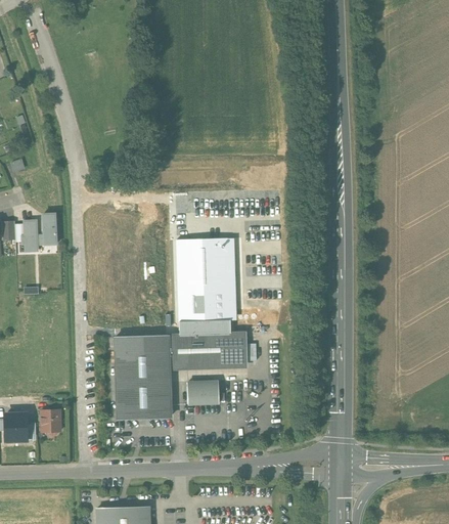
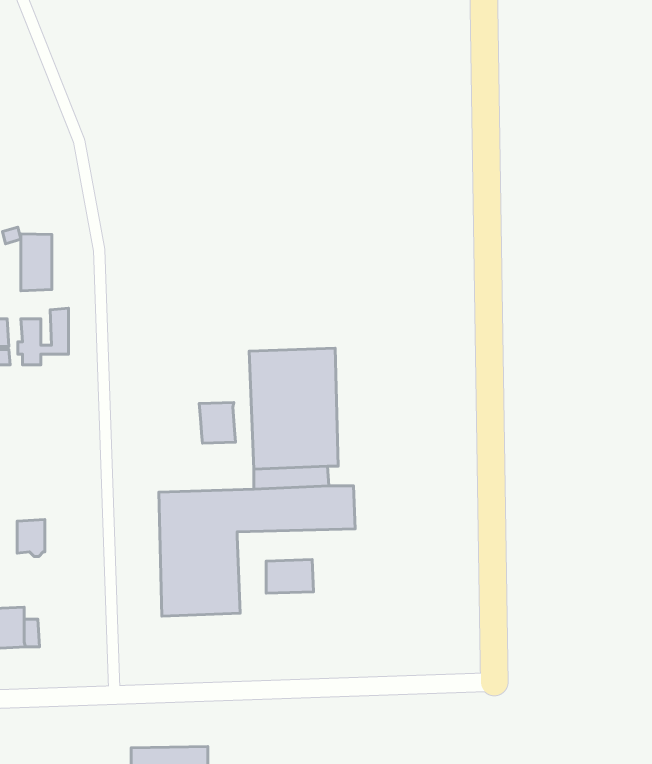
building: none -> [21,234,52,291]
building: none -> [199,402,235,443]
building: [41,409,59,434] -> [17,520,45,556]

